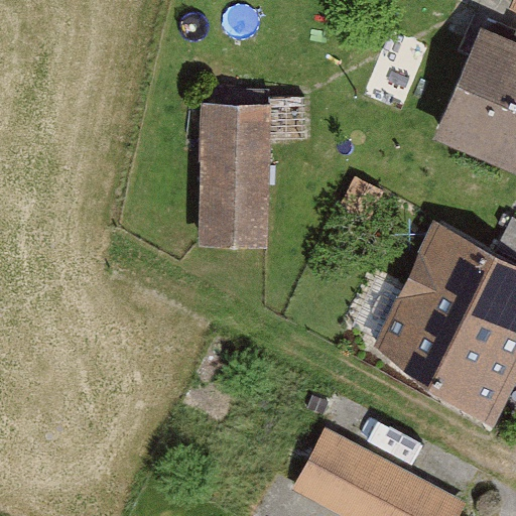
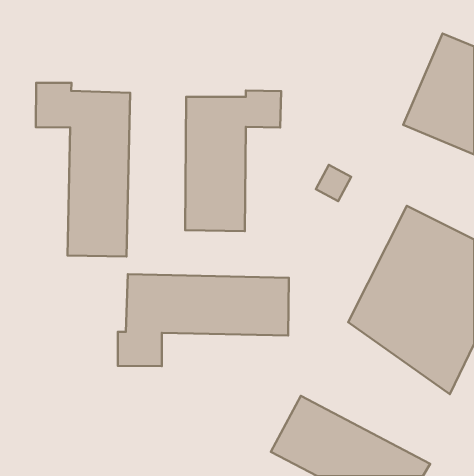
building: none -> [36,83,130,256]
building: none -> [118,274,289,366]

